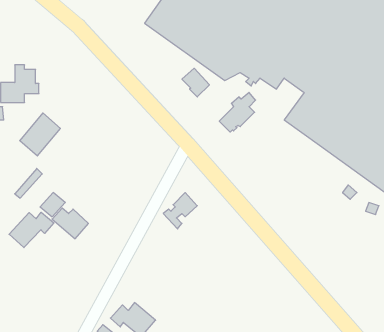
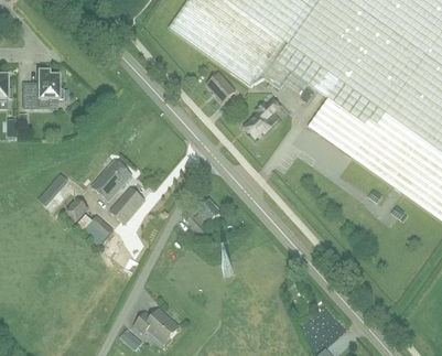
building: [20,113,60,156] -> [91,158,132,201]
building: none -> [110,185,145,223]
building: [9,212,54,248] -> none

